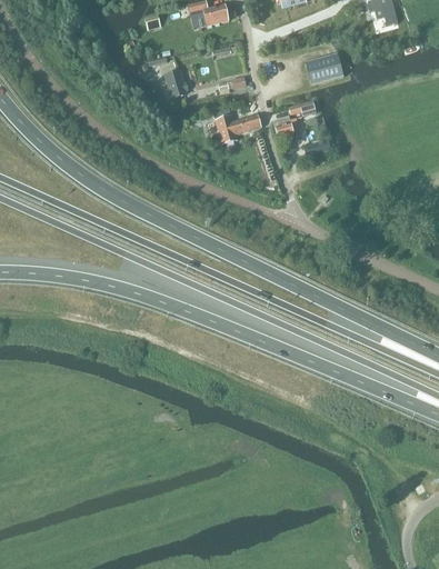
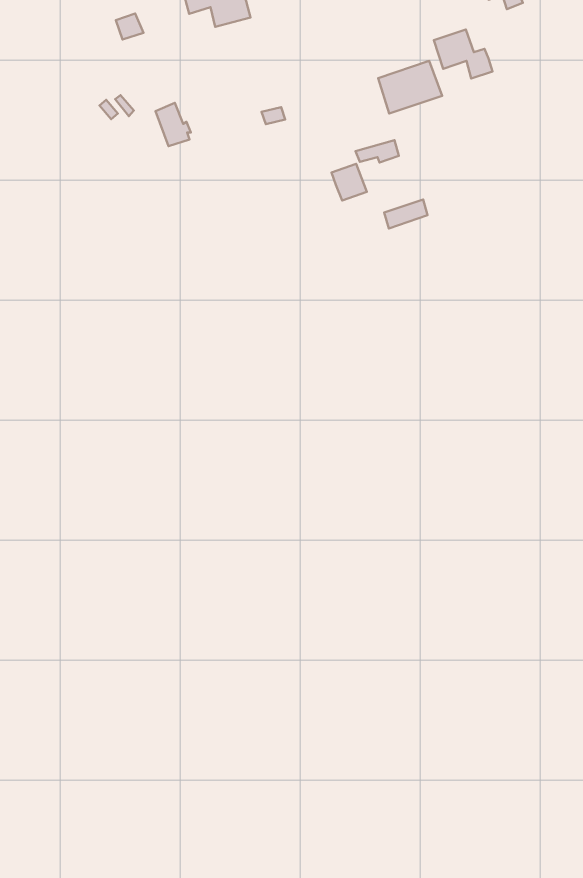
building: none -> [434,29,492,79]
building: [214,113,260,146] -> none

